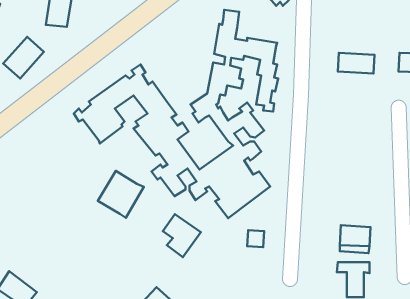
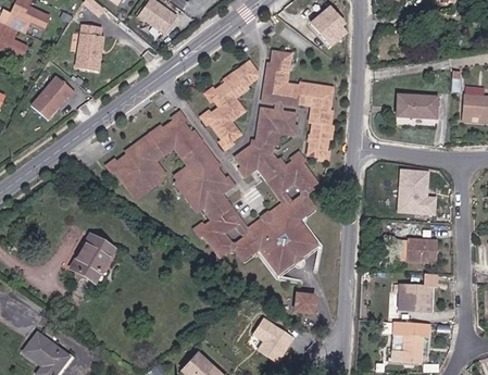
building: none -> [200,61,260,142]
building: none -> [399,168,438,215]
building: [98,171,144,218] -> [75,236,125,287]
building: none -> [395,239,438,264]
building: [163,214,201,257] -> [252,313,293,360]

